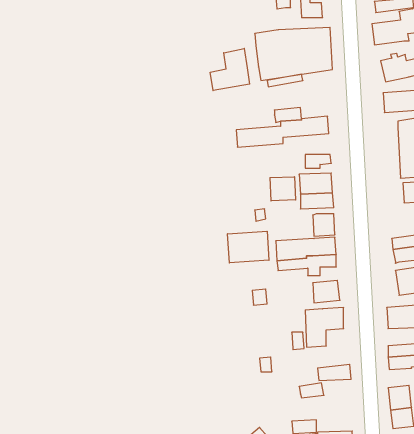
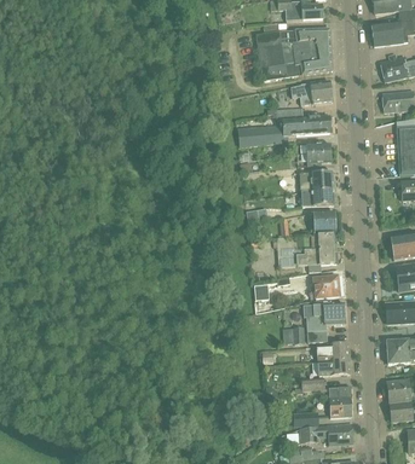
building: [210,48,250,91] -> none
building: none -> [290,80,332,105]
building: [270,177,296,201] -> none
building: [228,231,269,263] -> none
building: none -> [317,342,350,361]
building: none -> [329,385,352,416]

